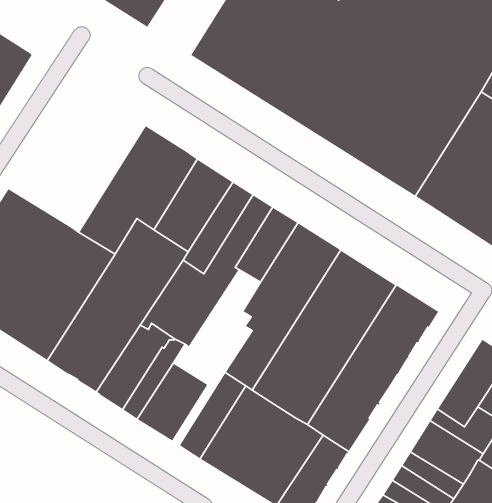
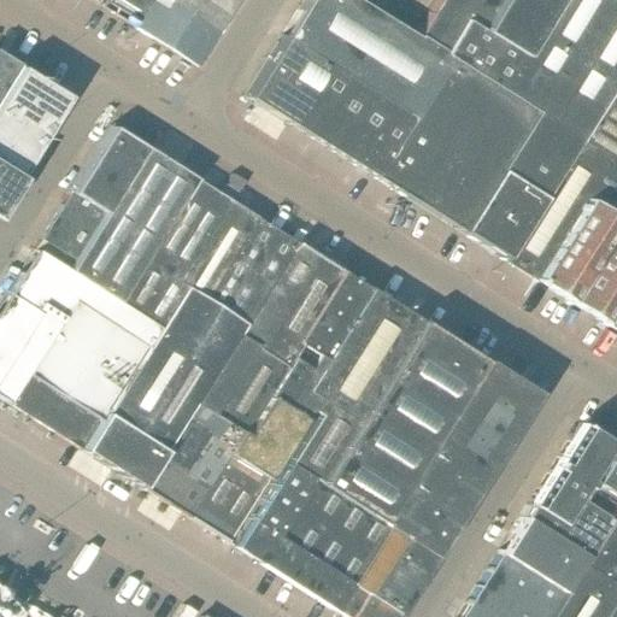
building: none -> [45,125,202,300]
building: none -> [235,343,335,476]

